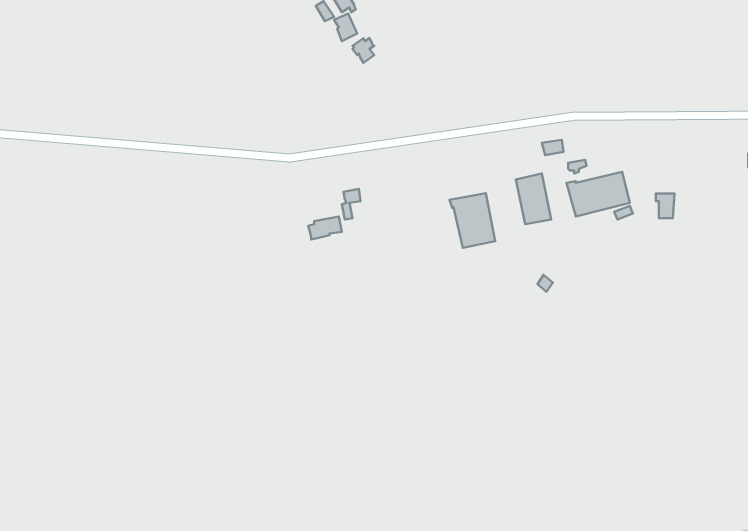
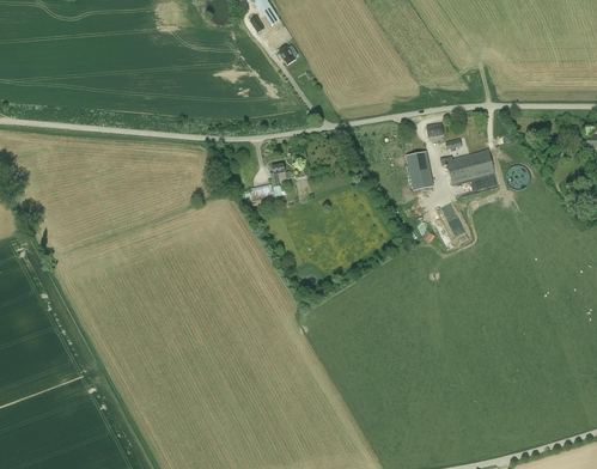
building: [450,193,495,248] -> none

